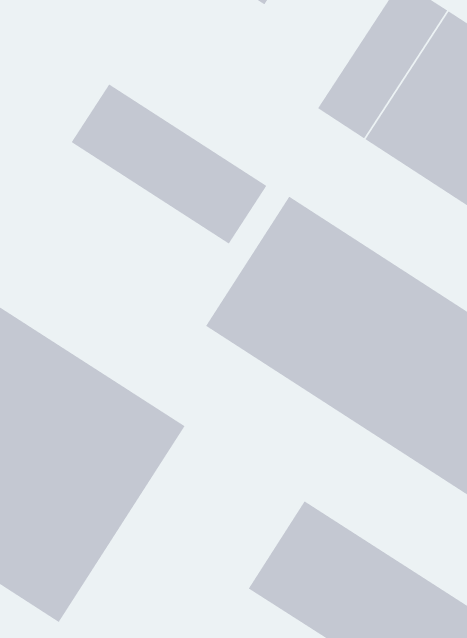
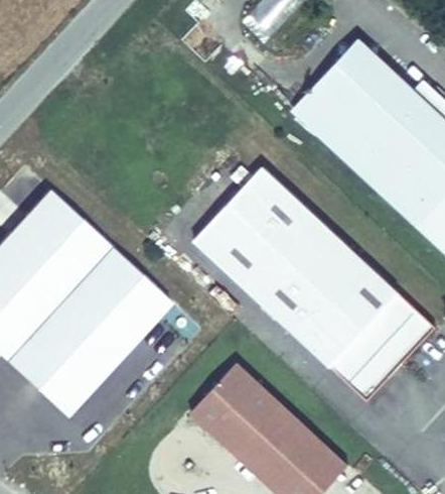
building: [71,84,267,245] -> none

